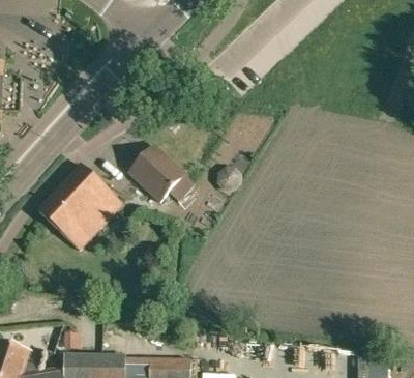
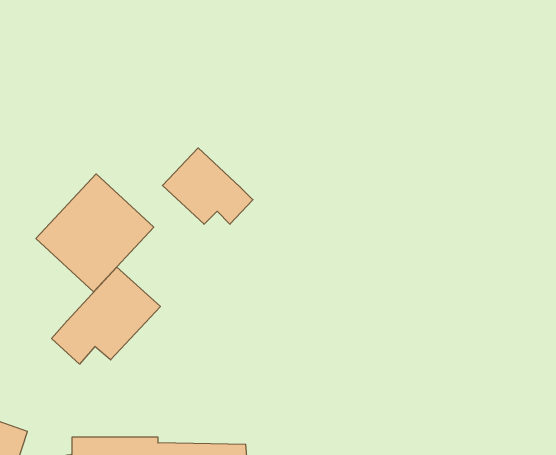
building: none -> [52,267,160,364]

